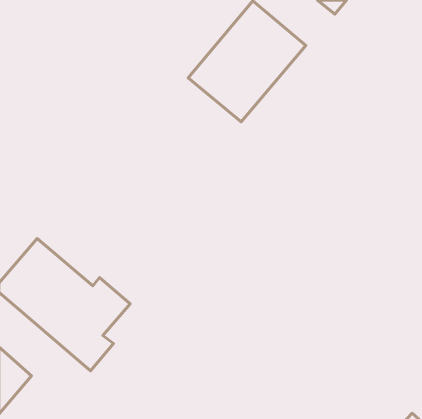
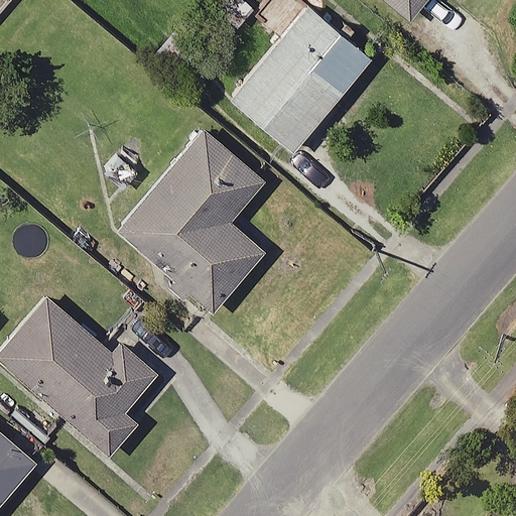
building: none -> [116,129,266,312]

